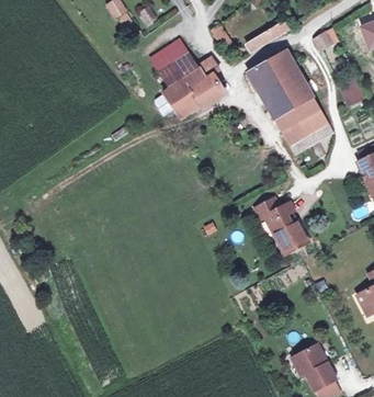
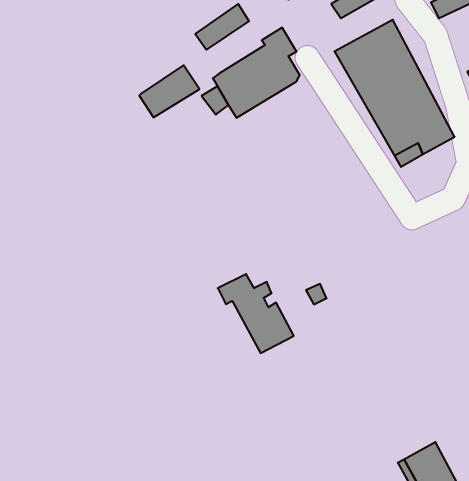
building: [157,52,199,88] -> [139,65,199,117]
building: [254,200,307,254] -> [218,274,294,353]

